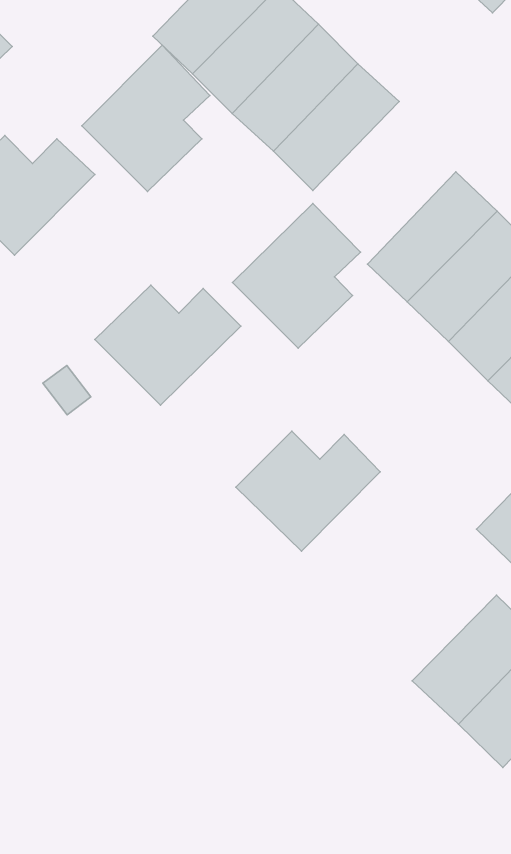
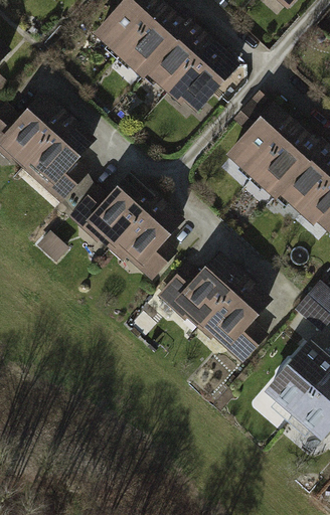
building: [82,45,210,191] -> [21,116,94,200]
building: [232,203,360,348] -> [111,197,183,281]
building: none -> [197,276,270,360]

